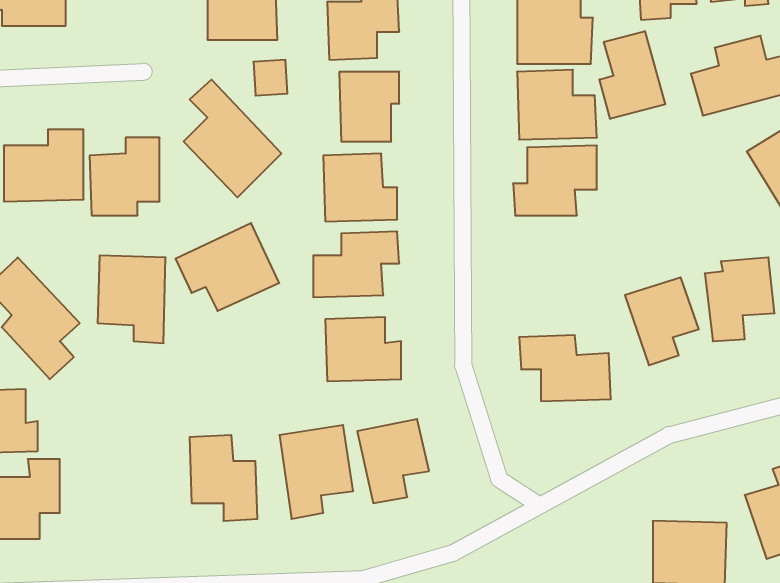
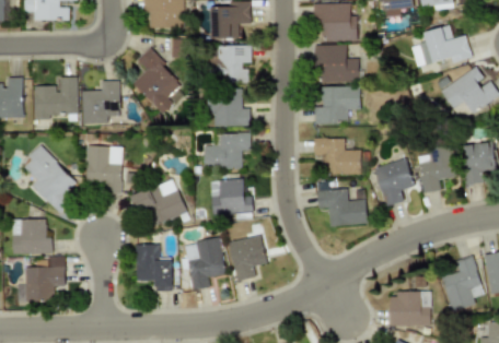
building: [599,31,665,119] -> none
building: [175,223,279,311] -> [130,178,187,226]
building: none -> [313,138,360,174]

